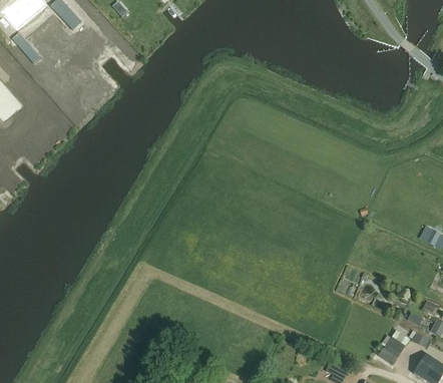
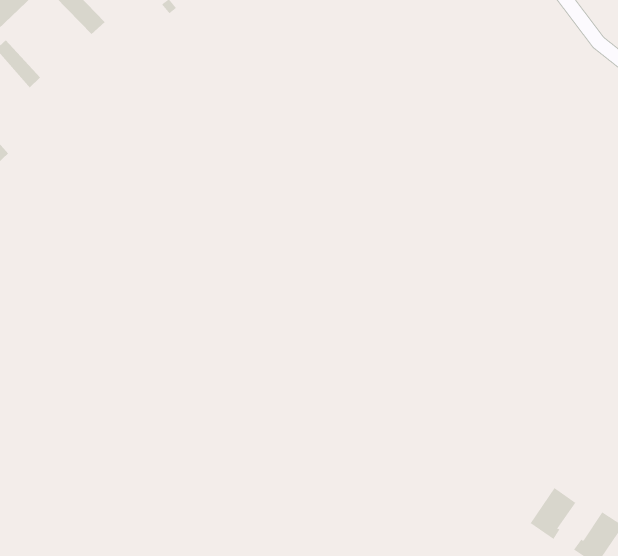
building: none -> [530,487,576,540]

